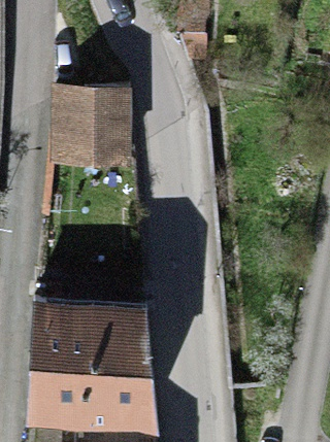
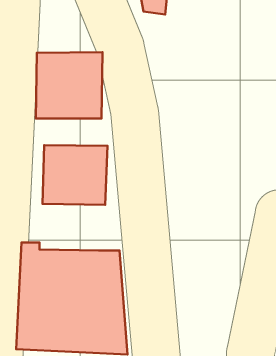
building: none -> [43,145,108,205]

